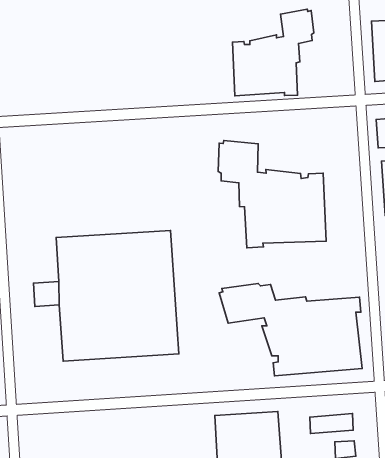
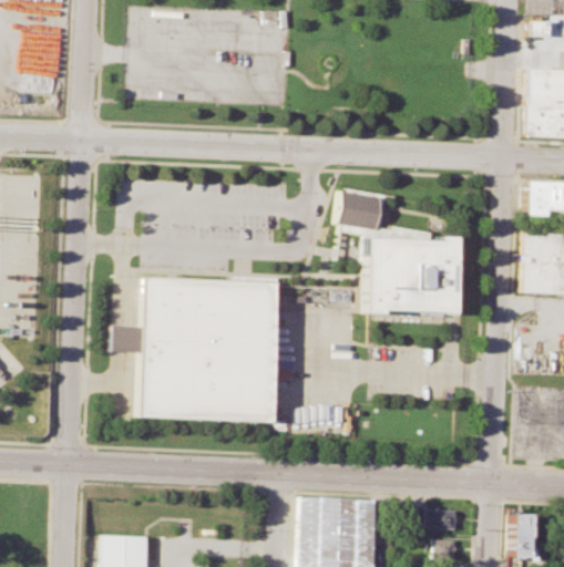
building: [232,9,314,96] -> none
building: [219,283,362,376] -> none

